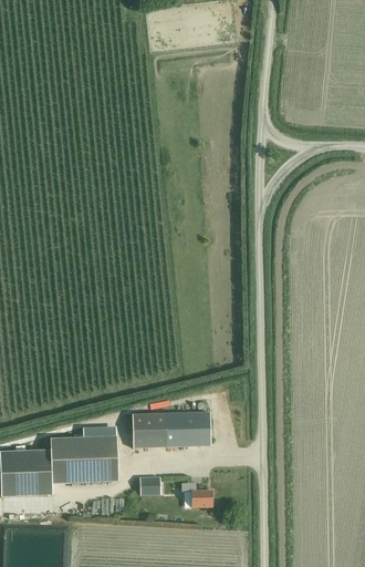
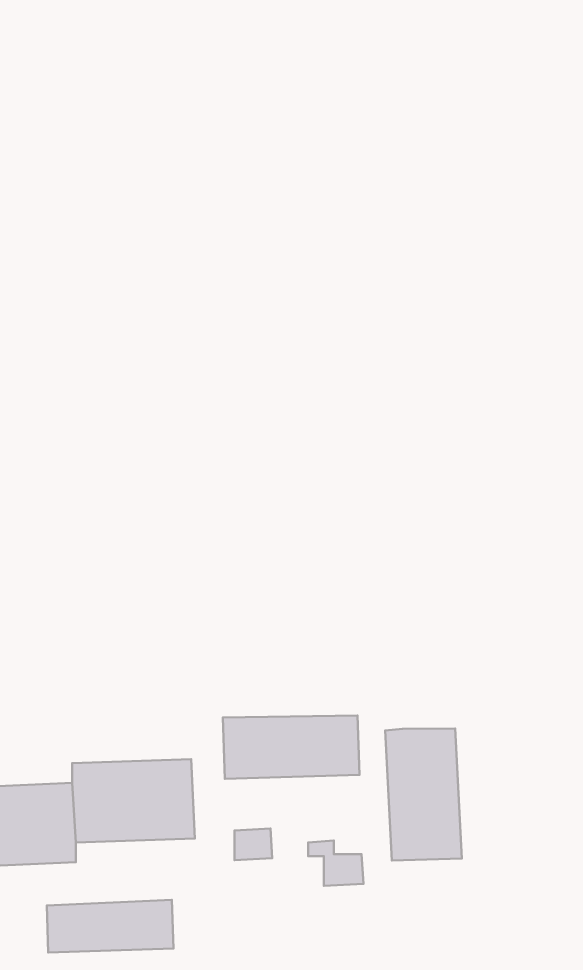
building: none -> [385,728,462,861]
building: none -> [47,900,173,953]

